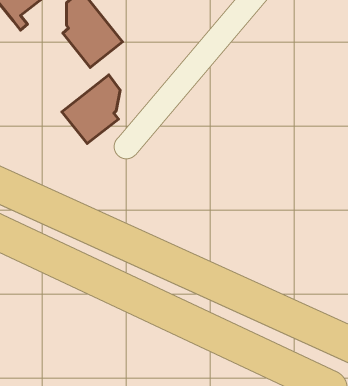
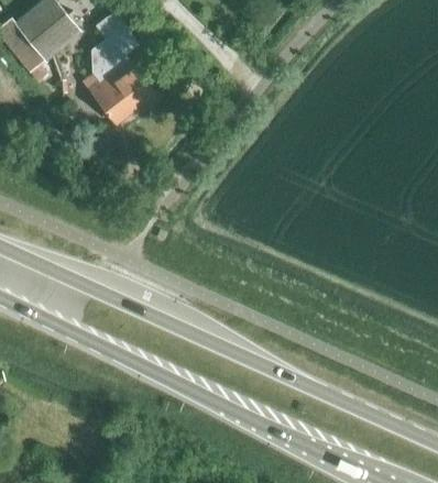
building: [62,75,120,144] -> none

